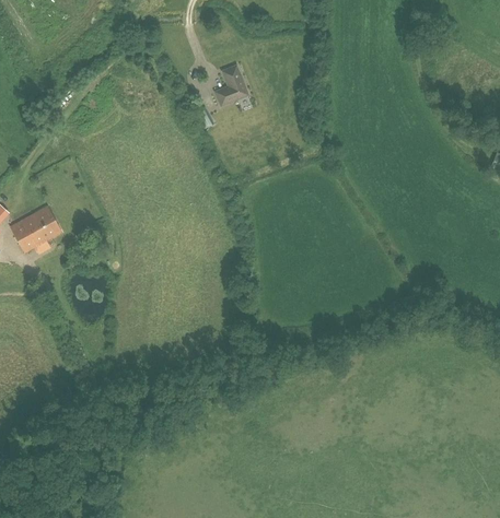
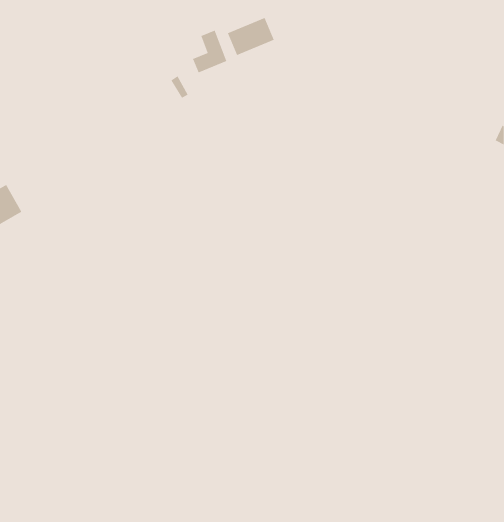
building: none -> [227,17,275,56]

